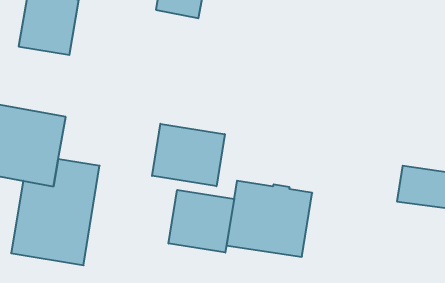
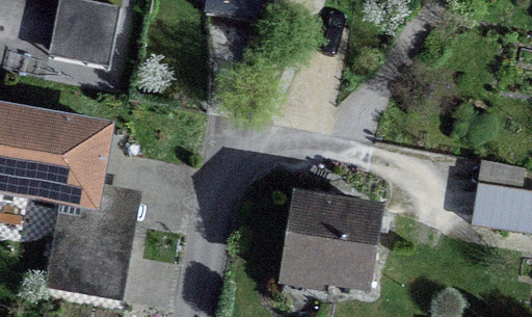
building: [152,124,225,186] -> none
building: [169,190,234,253] -> none

